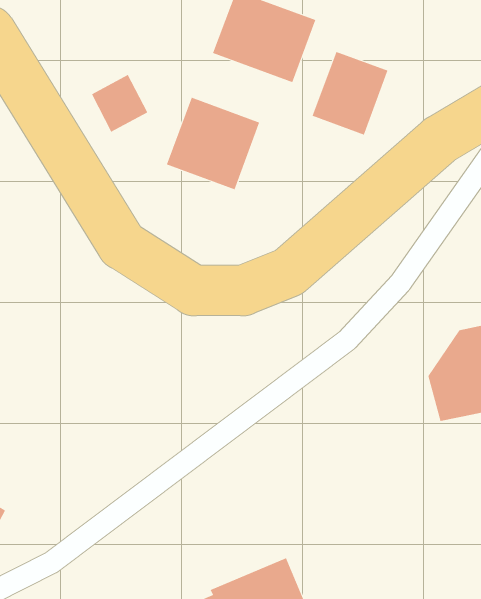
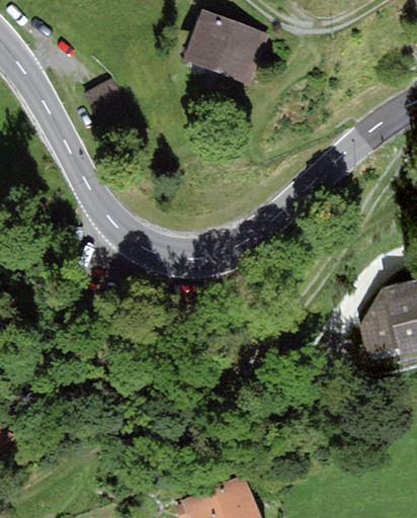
building: [312,51,388,135] -> none
building: [166,97,260,190] -> none

